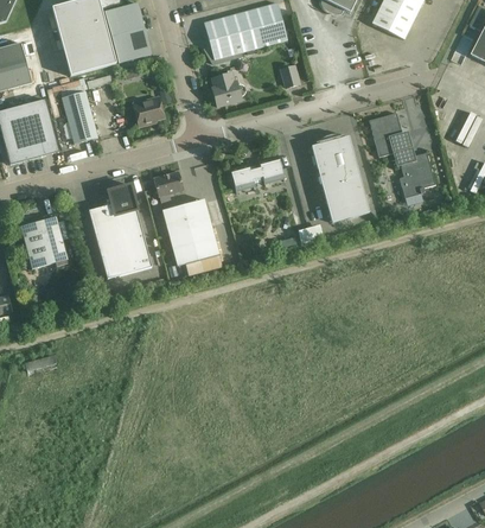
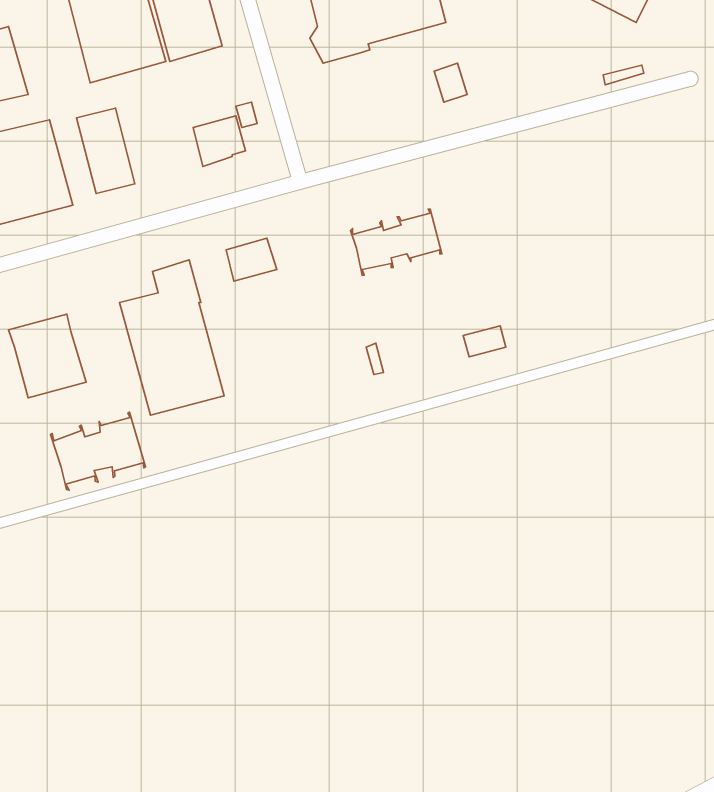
building: [212,72,245,107] -> none
building: [369,113,407,157] -> none
building: [311,134,369,222] -> none
building: [400,152,435,198] -> none
building: [161,199,219,266] -> none
building: none -> [50,412,146,490]

